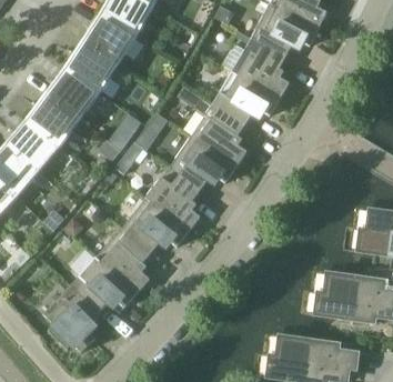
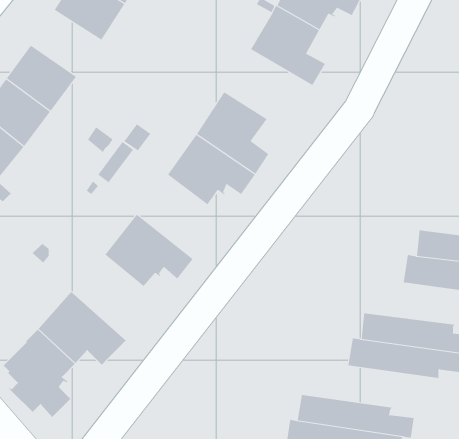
building: [64,40,119,91] -> none
building: [212,70,280,123] -> none
building: [145,165,201,230] -> none
building: [95,227,151,292] -> none

